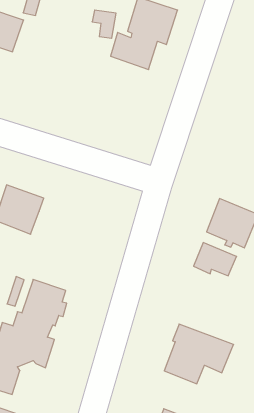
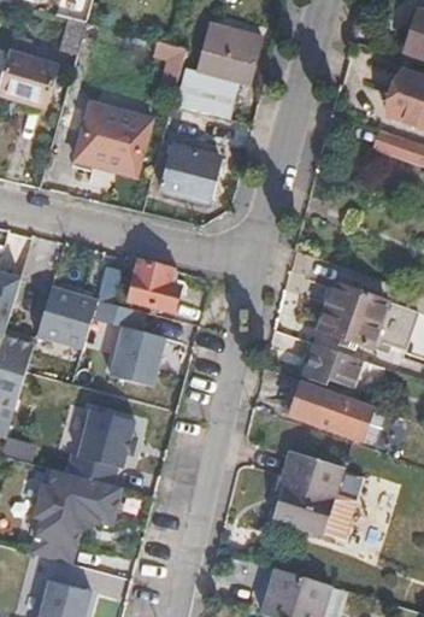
building: none -> [77,102,151,175]
building: none -> [161,146,220,201]
building: none -> [129,260,178,310]
building: none -> [94,299,166,386]
building: none -> [292,381,366,439]

